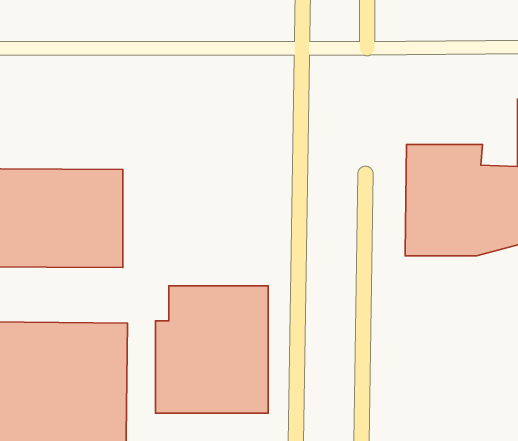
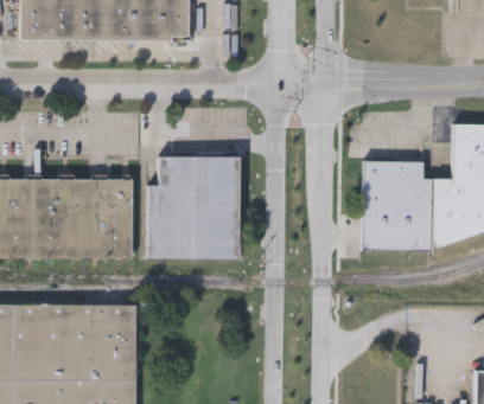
building: [156,286,268,413] -> [147,155,238,258]

